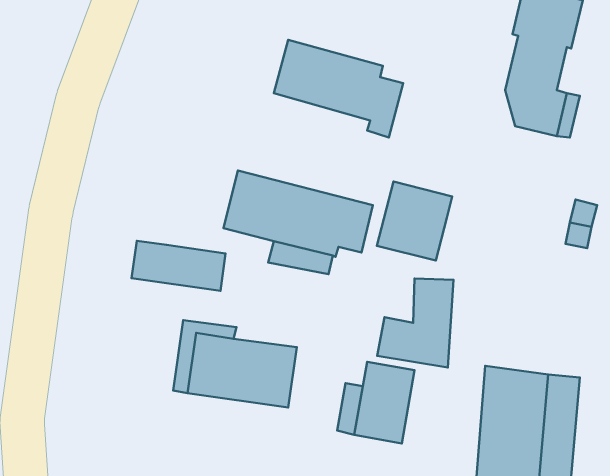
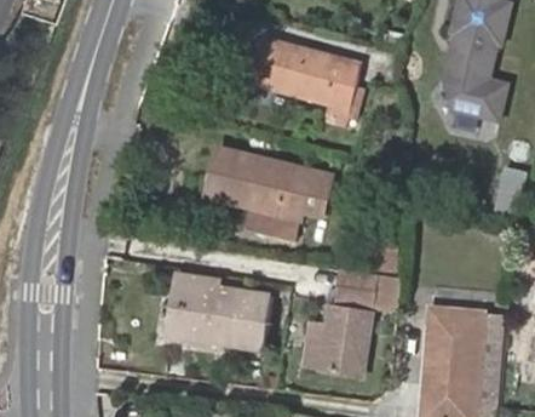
building: [377,182,452,261] -> none
building: [132,241,226,291] -> none

